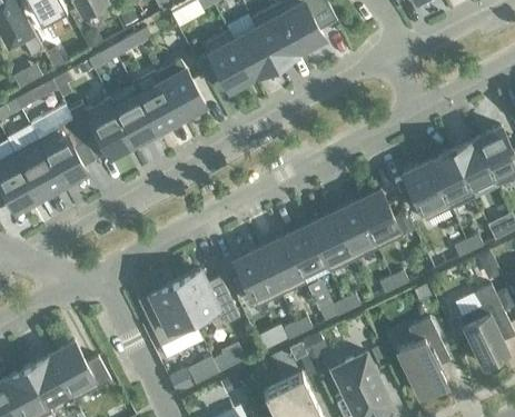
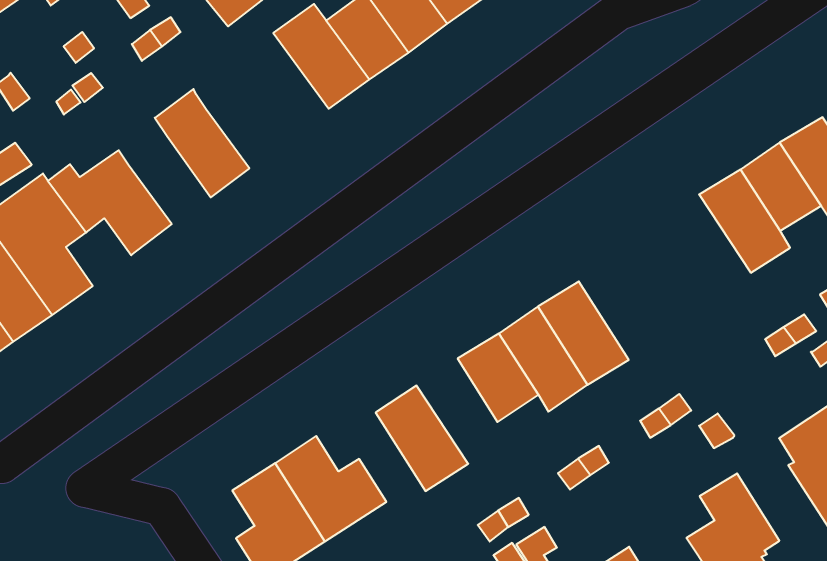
building: [156,60,205,118] -> none
building: [113,95,157,143] -> none
building: [403,162,450,221] -> none
building: [355,190,403,249] -> none
building: [258,237,305,296] -> none

